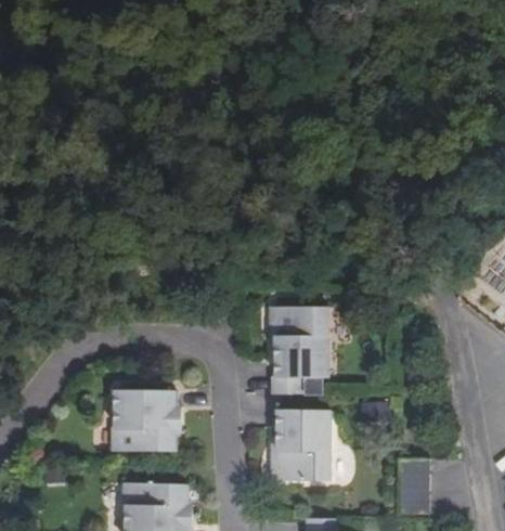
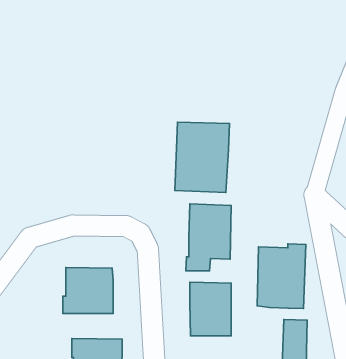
building: none -> [175,122,230,193]
building: none -> [257,244,306,309]

